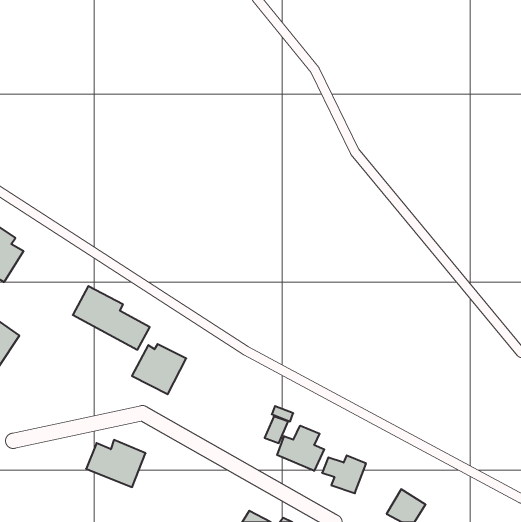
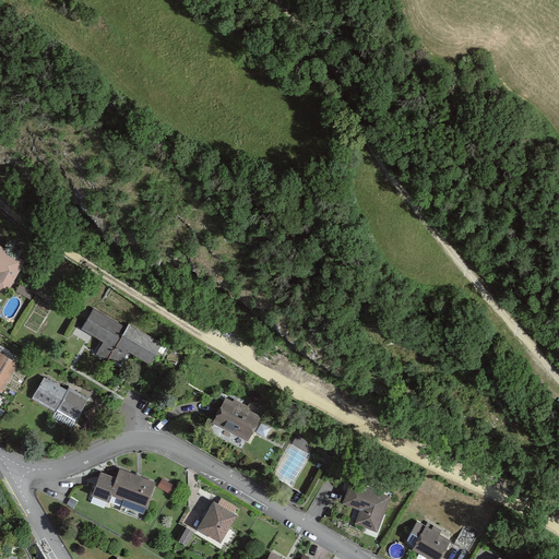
building: [132,344,186,394] -> [209,393,266,447]
building: none -> [29,373,87,421]
building: [277,426,324,471] -> none
building: none -> [178,501,236,551]

